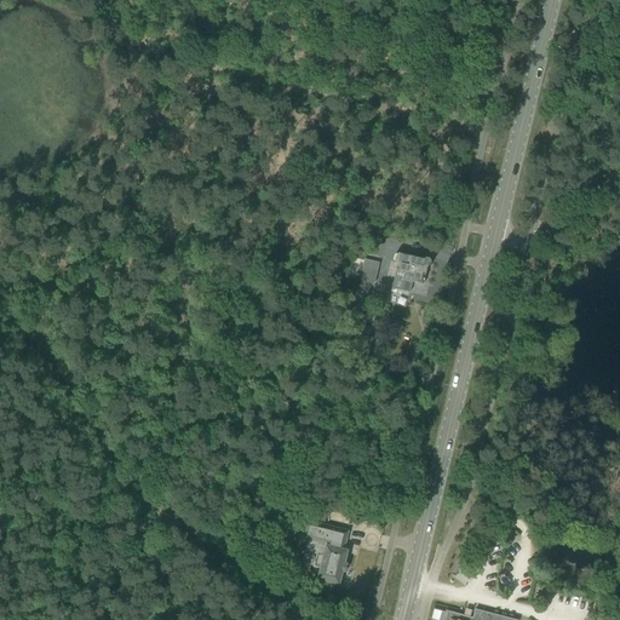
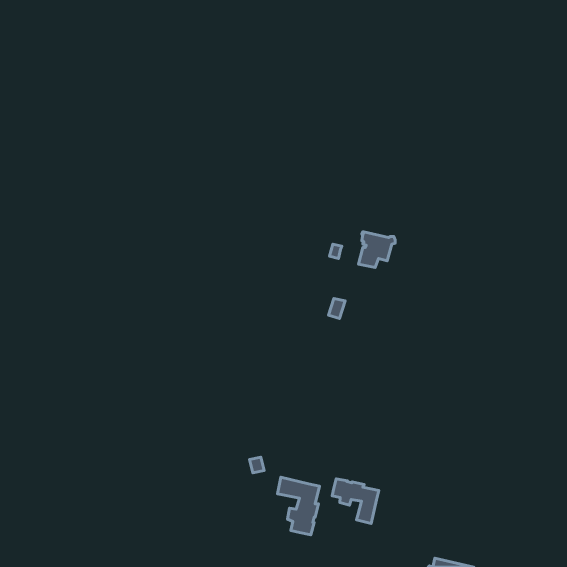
building: none -> [332,479,379,524]

